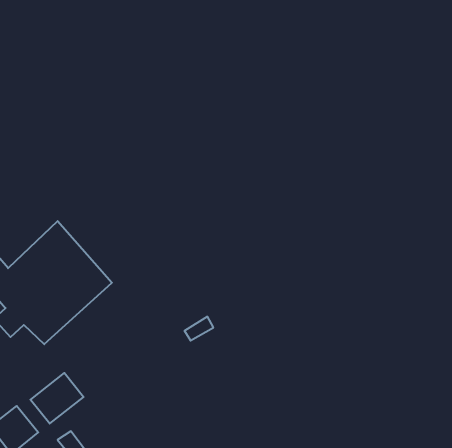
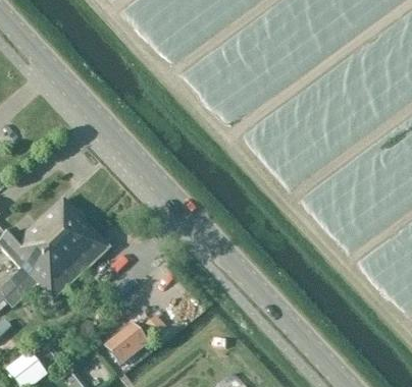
building: [30,373,84,424] -> [103,321,148,364]

